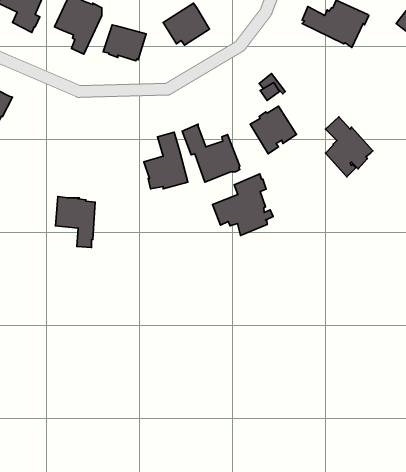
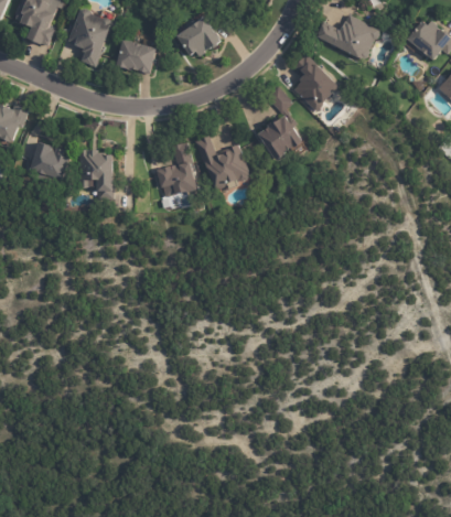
building: [325,117,373,177] -> [294,54,341,112]
building: none -> [31,140,72,181]
building: [212,174,273,236] -> none
building: [55,197,95,247] -> [82,150,120,200]

